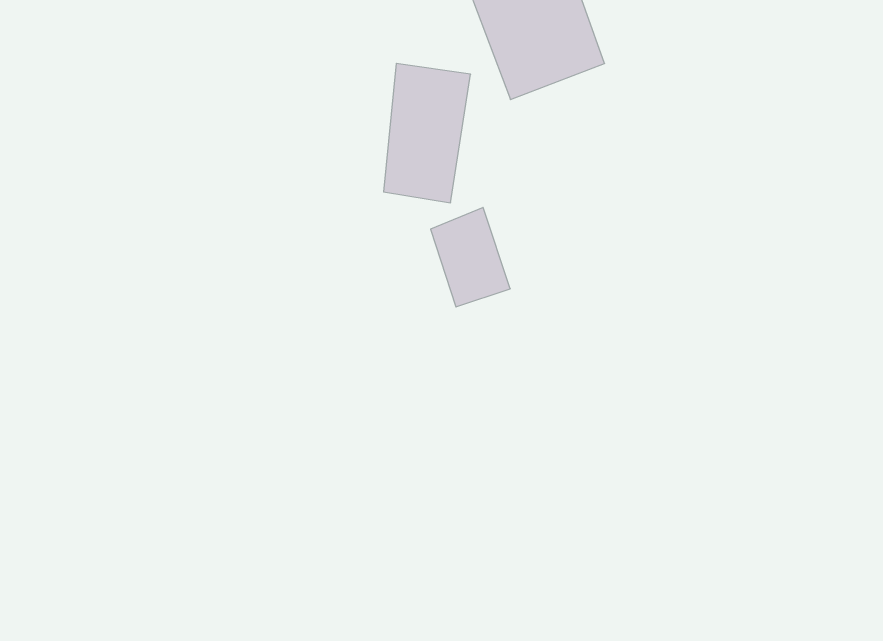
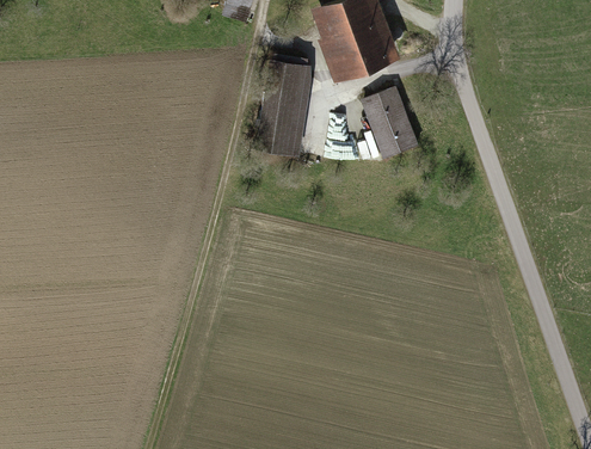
building: [431,207,510,307] -> [362,93,414,159]

